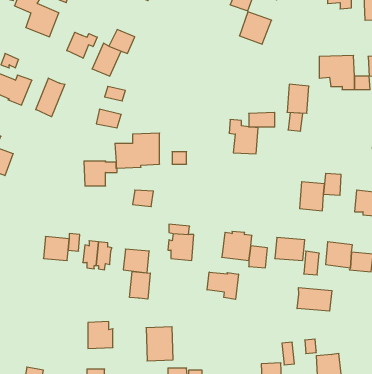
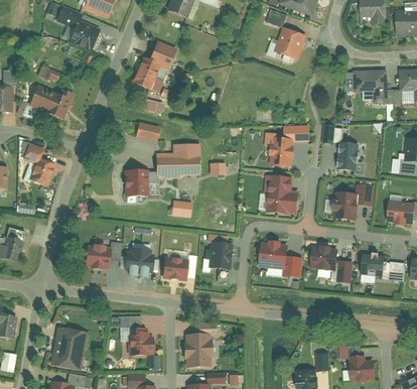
building: [67,32,97,58] -> none
building: [36,78,65,117] -> none
building: [287,84,309,113] -> [337,143,359,171]
building: none -> [264,174,300,215]
building: [130,272,150,299] -> none
building: [207,272,238,299] -> none
building: [297,288,332,311] -> none
building: none -> [50,327,87,370]

